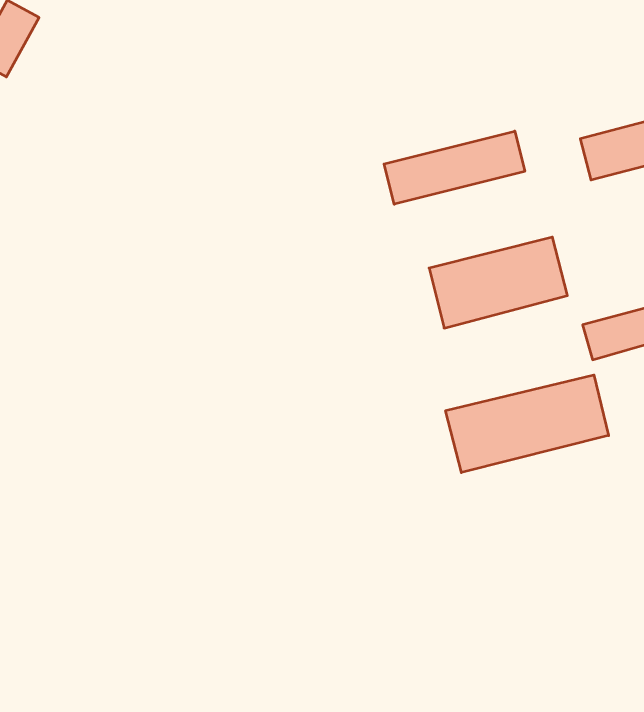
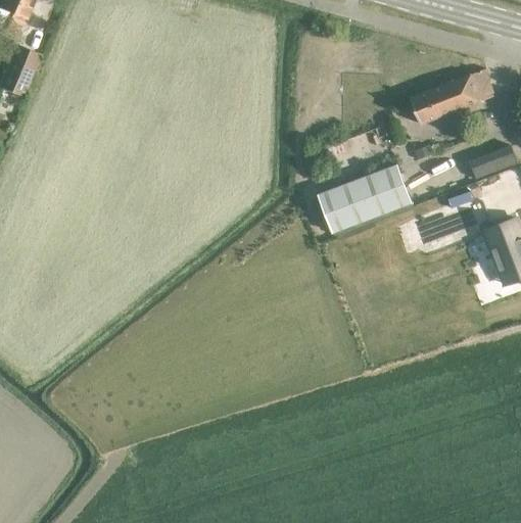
building: [384,131,525,204] -> none
building: [446,375,609,473] -> none

